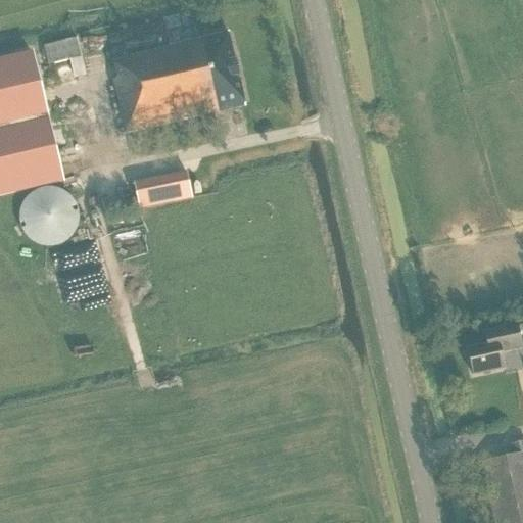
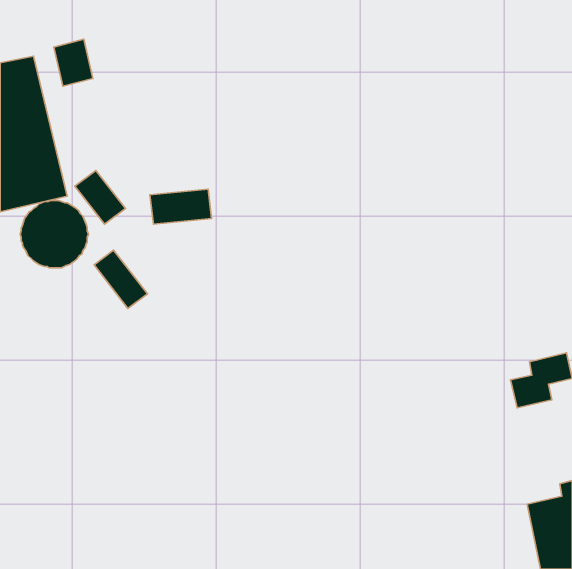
building: [111,30,244,131] -> none
building: none -> [75,170,125,224]
building: none -> [94,250,148,309]

